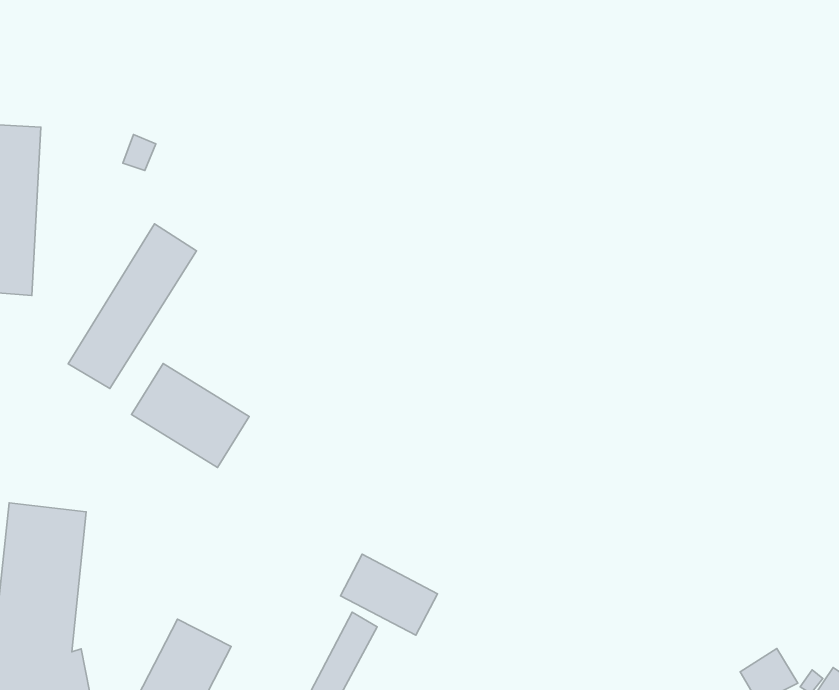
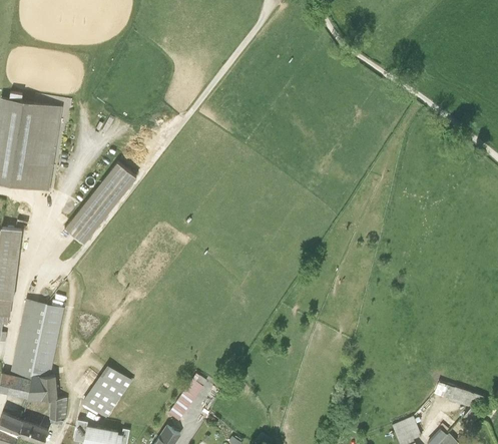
building: [131,364,249,468] -> none
building: [340,554,438,635] -> none

